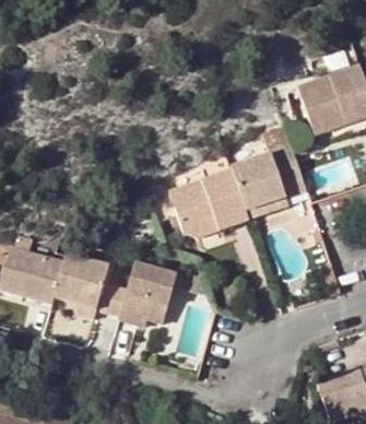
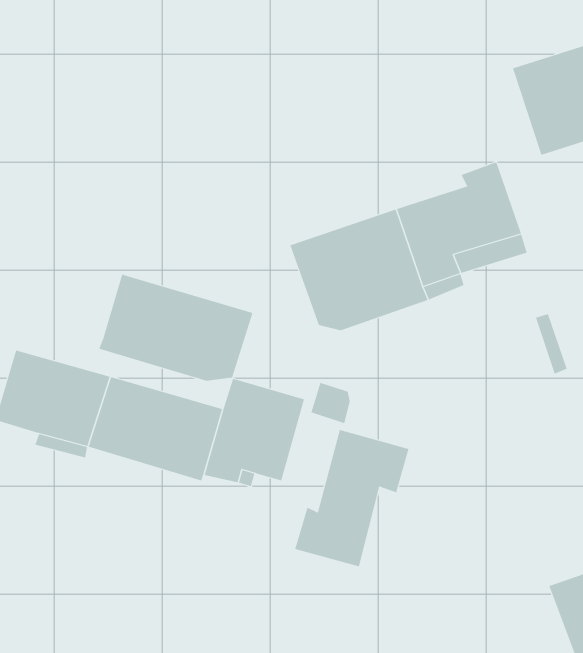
building: none -> [98,274,253,381]
building: none -> [294,429,409,567]

